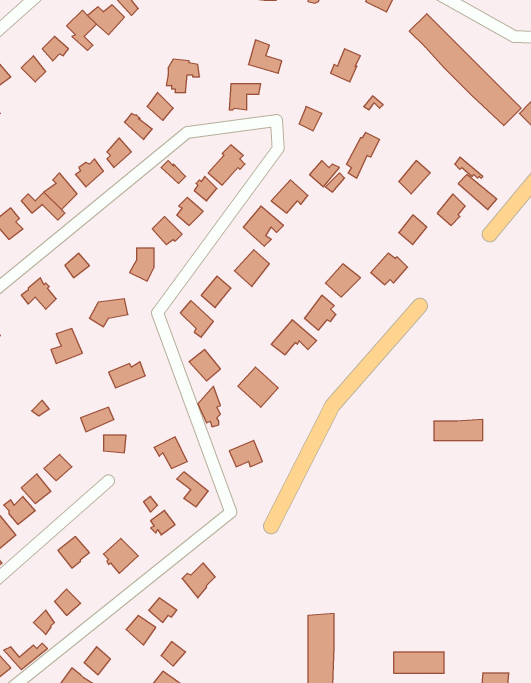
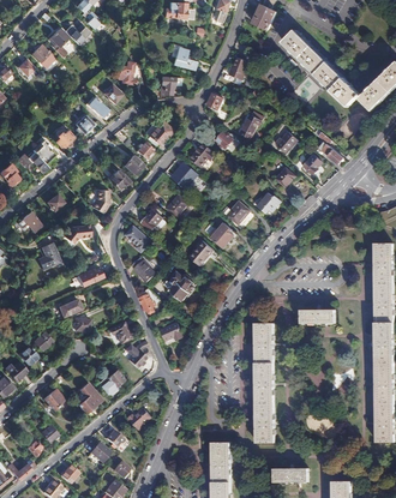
building: none -> [256,323,272,442]

